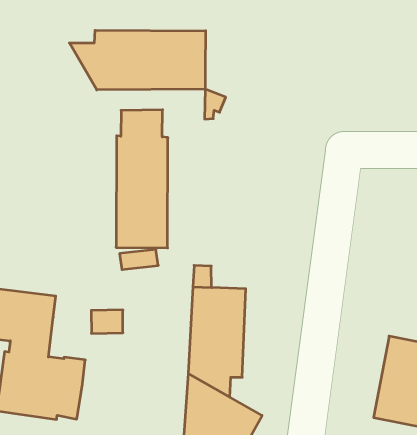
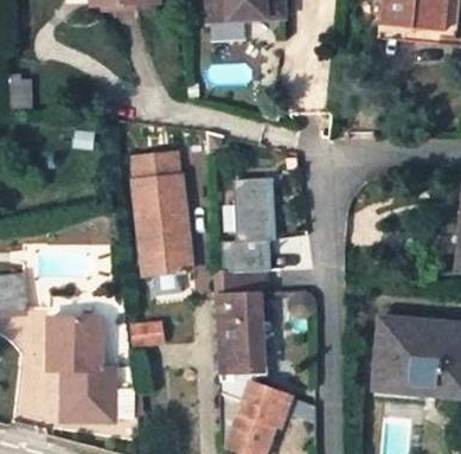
building: [69,30,206,90] -> none
building: none -> [219,174,295,269]

